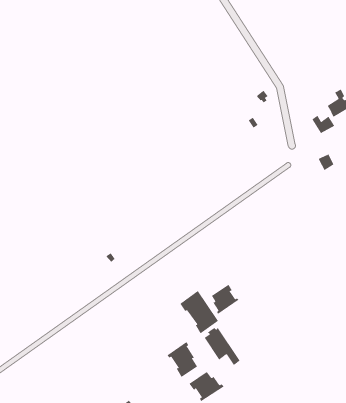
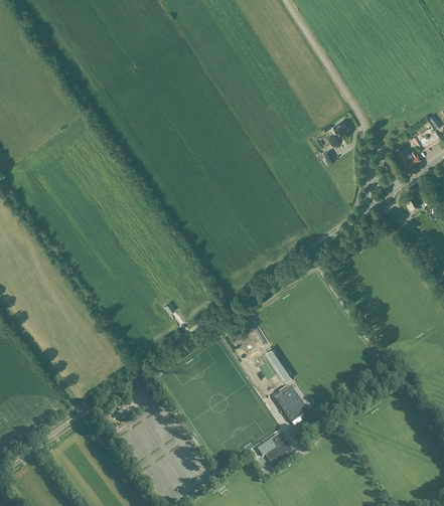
building: [211,284,239,315] -> none
building: [167,341,198,378] -> none

